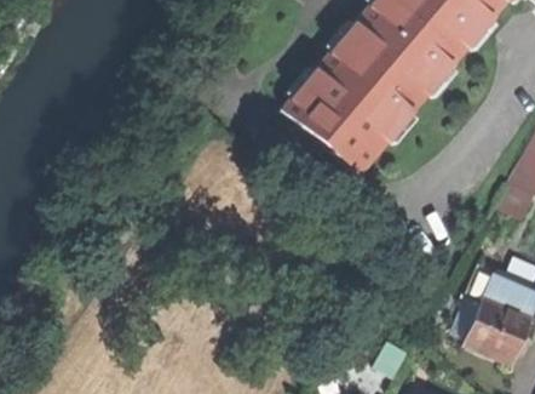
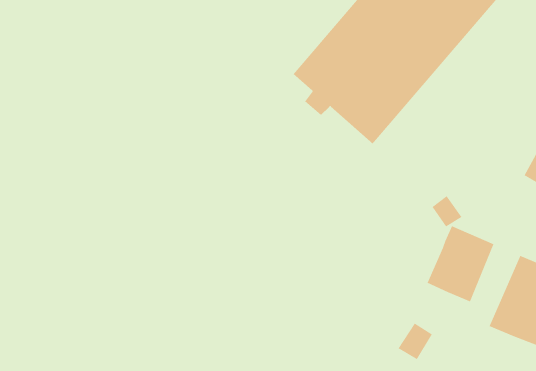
building: none -> [426,225,495,302]

